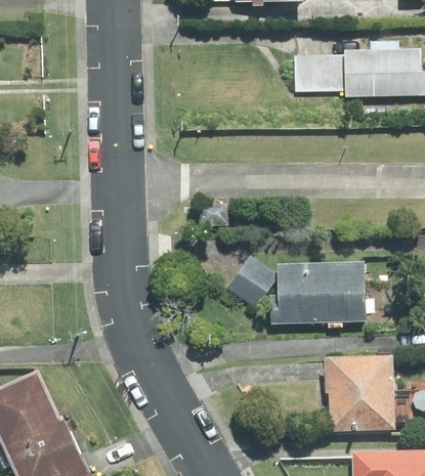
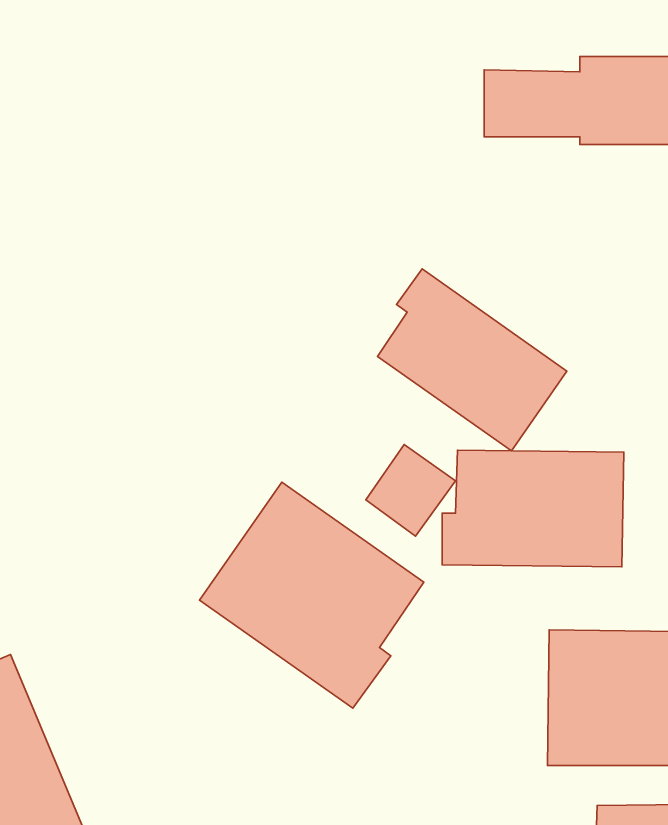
building: none -> [377,269,567,451]
building: none -> [200,482,424,708]

